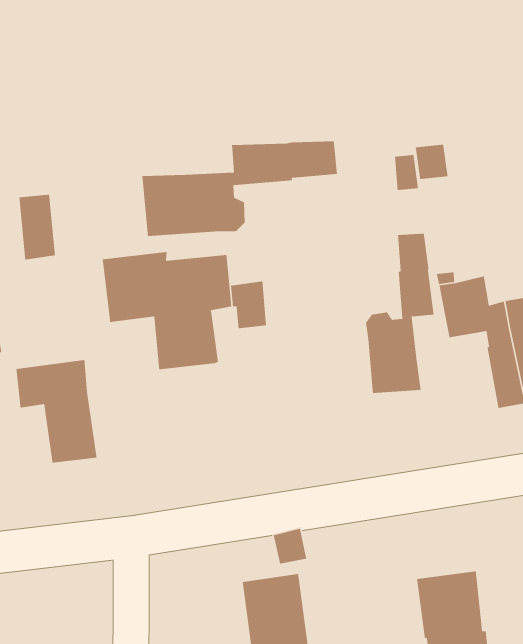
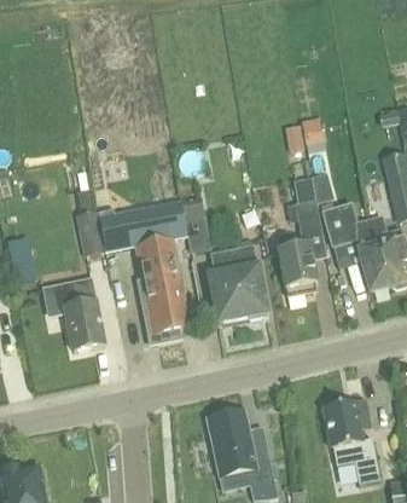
building: [142,141,338,237] -> none
building: [19,194,56,261] -> [75,210,103,256]
building: none -> [209,247,266,322]
building: none -> [136,274,188,341]

